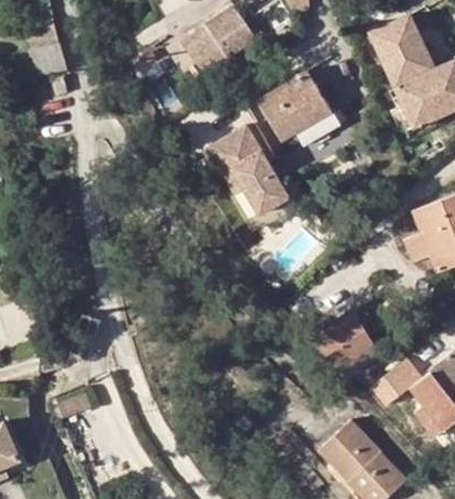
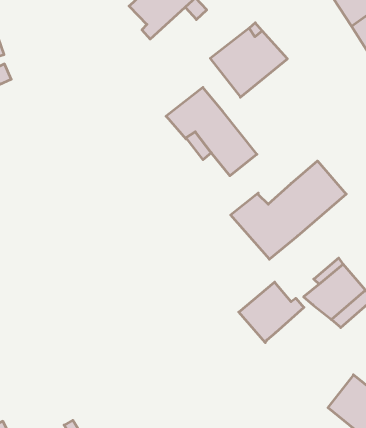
building: none -> [231,161,346,259]
building: none -> [239,282,304,343]

